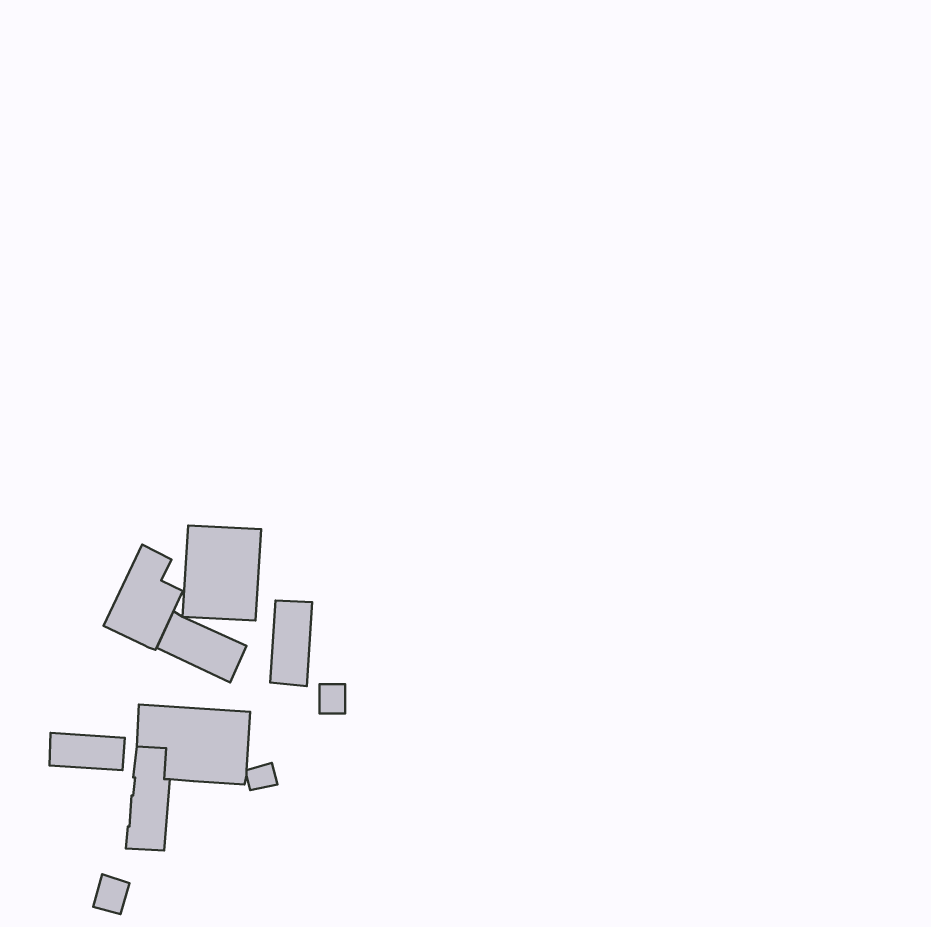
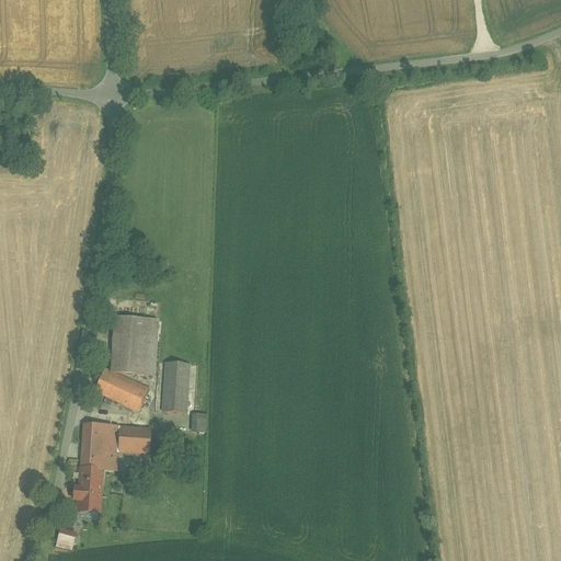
building: [104,545,183,650] -> none
building: [49,733,125,770] -> none

